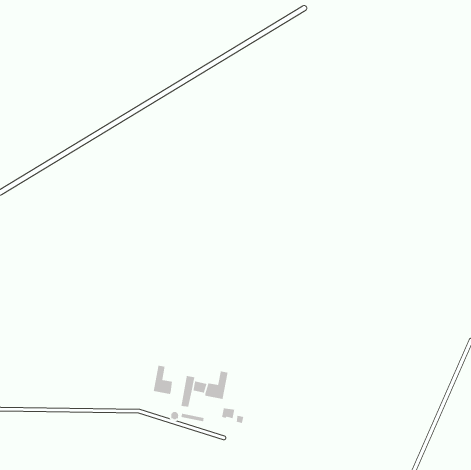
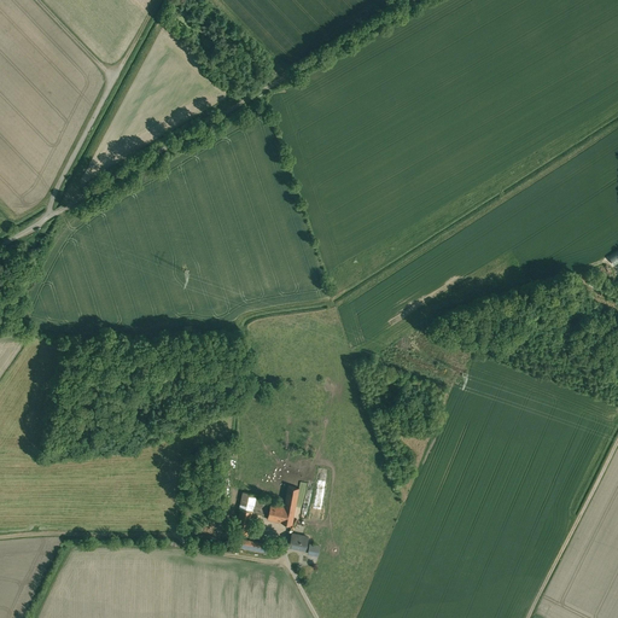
building: [153,365,173,395] -> none

